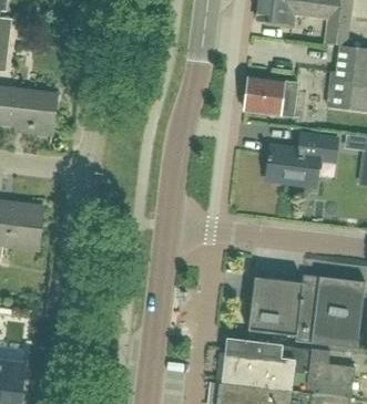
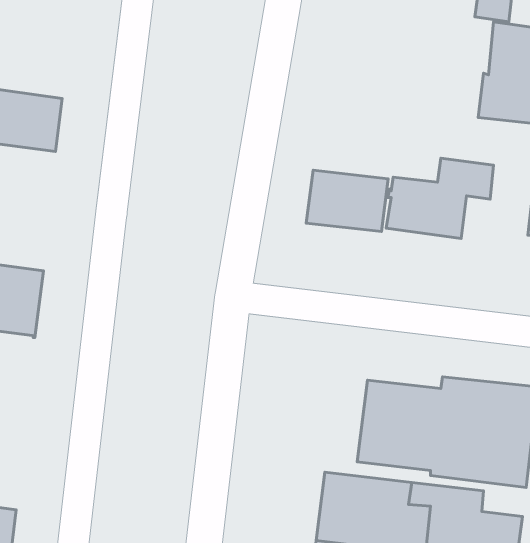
building: [243,76,296,116] -> [306,170,388,232]

